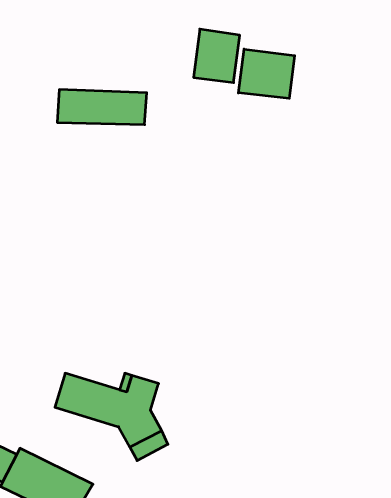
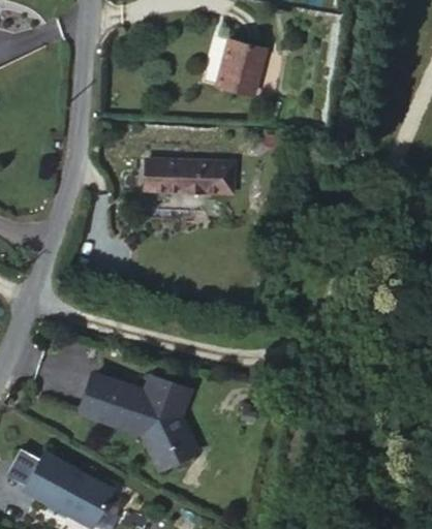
building: [238,49,295,98] -> none
building: [57,90,147,125] -> [140,166,229,201]

